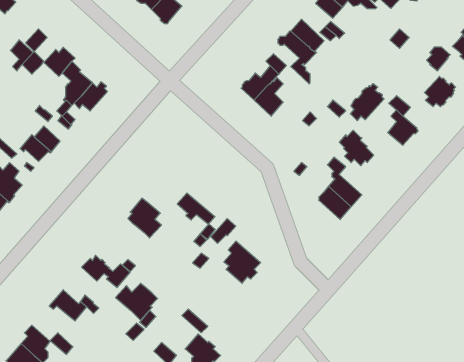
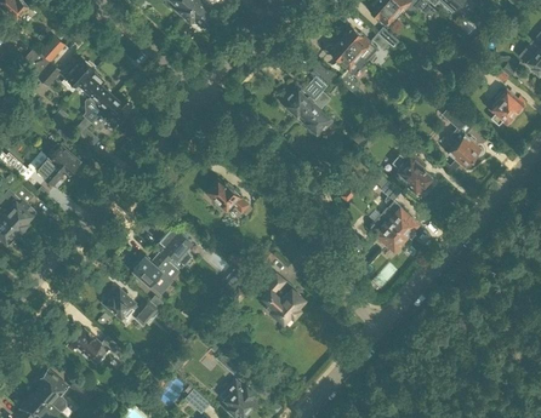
building: [350,84,384,121] -> none
building: [177,193,215,224] -> [206,178,249,213]
building: [116,283,158,320] -> [132,254,180,296]

